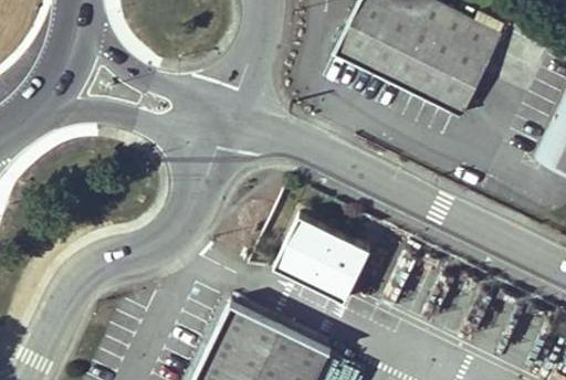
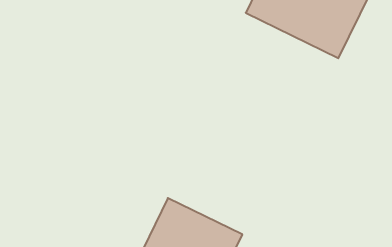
building: [277,217,374,304] -> none

